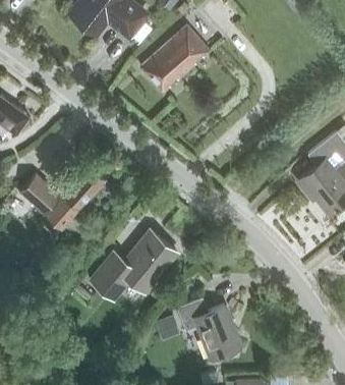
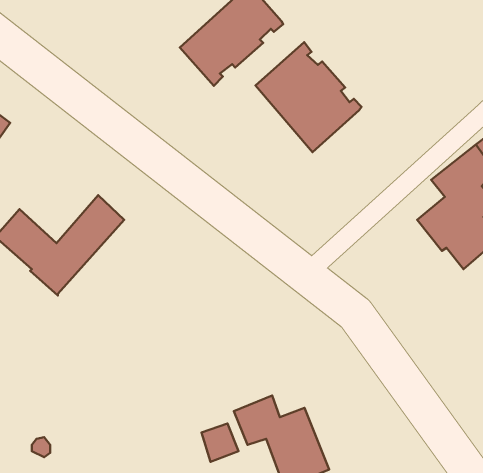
building: none -> [255,42,362,152]
building: [90,231,175,298] -> none

